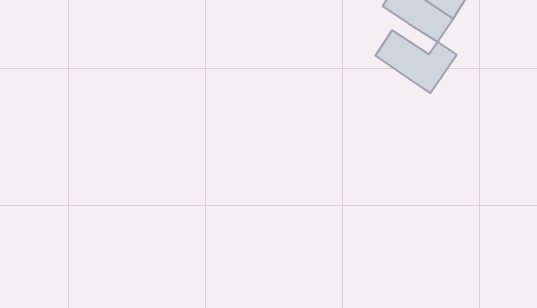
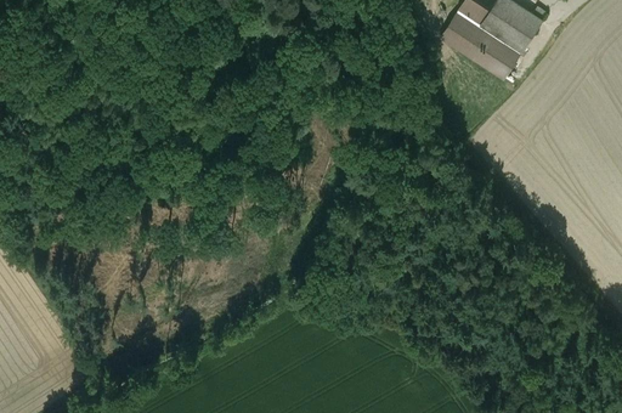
building: [375,30,457,93] -> none

